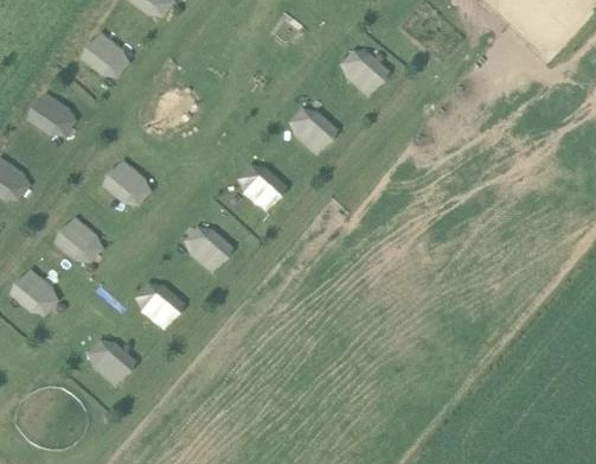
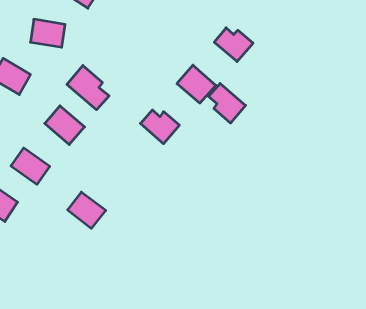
building: none -> [67,65,109,110]
building: none -> [208,83,246,123]
building: [181,223,236,272] -> none
building: [84,333,137,386] -> none

